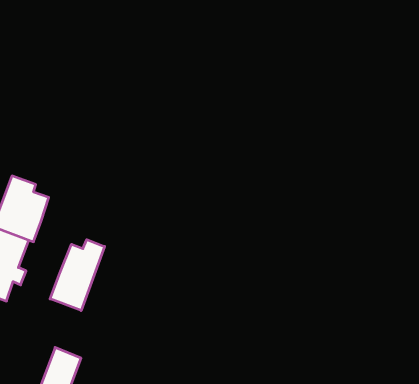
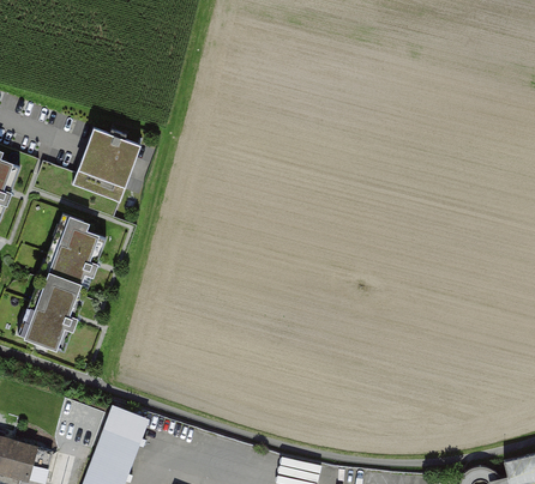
building: none -> [73,126,144,201]
building: [50,240,105,311] -> none

